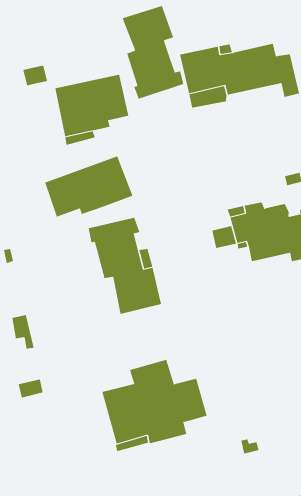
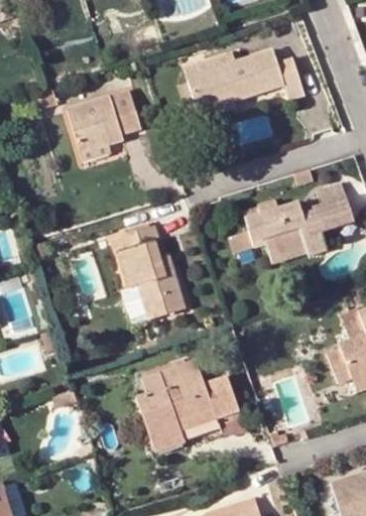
building: [122,5,184,99] -> none
building: [44,155,133,217] -> none

